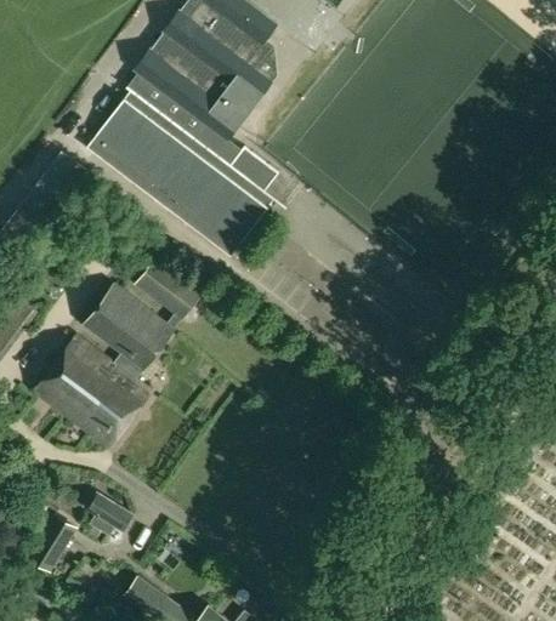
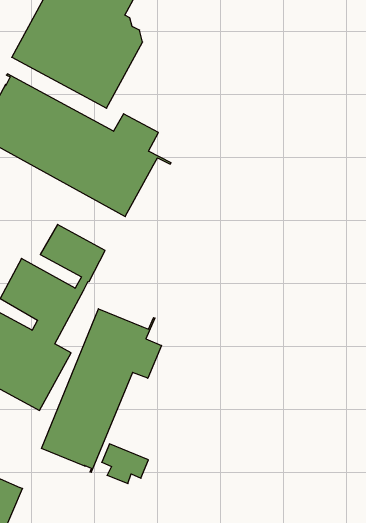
building: none -> [42,309,161,472]
building: [85,492,135,537] -> [102,444,148,484]

